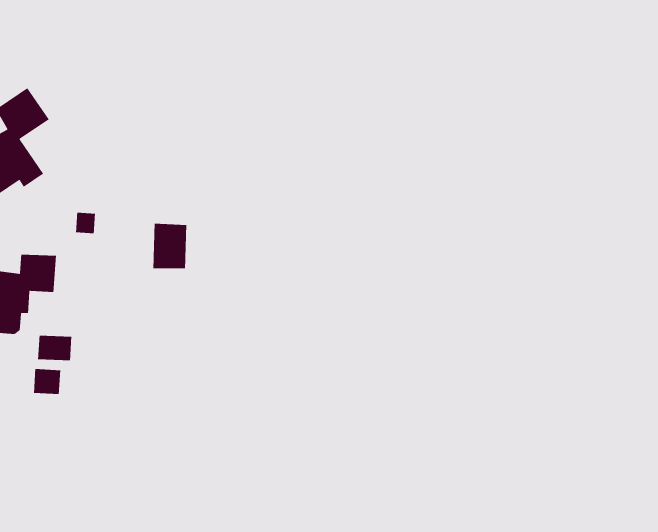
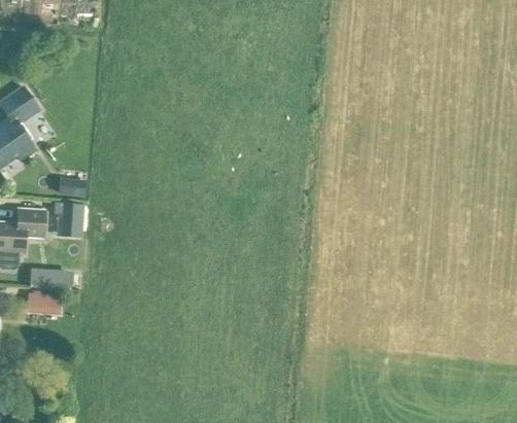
building: [152,223,187,269] -> [59,201,84,235]

